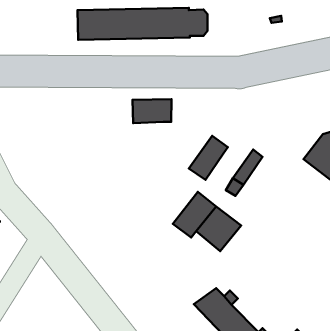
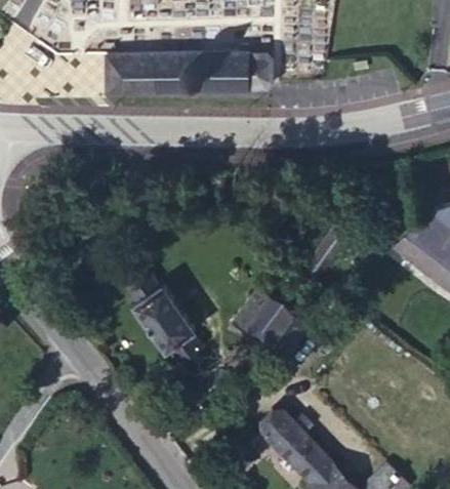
building: [133,99,171,123] -> none
building: [189,136,228,180] -> none
building: none -> [126,273,201,363]

